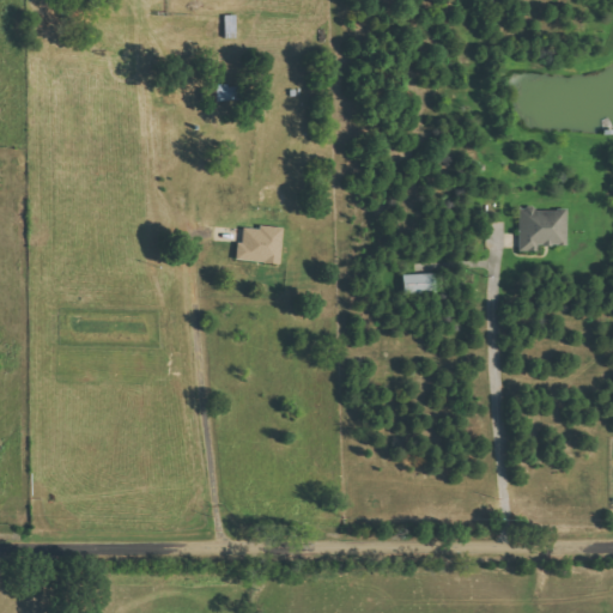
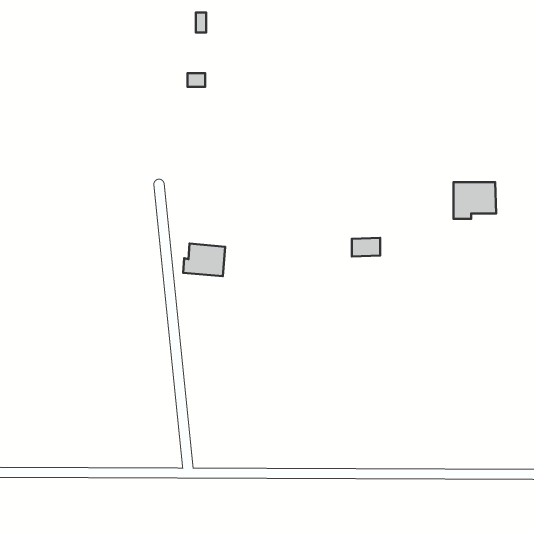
building: [235,225,283,262] -> [183,244,225,276]

